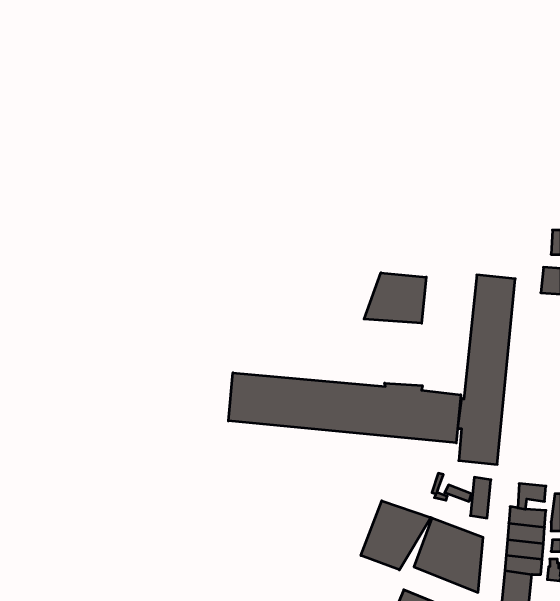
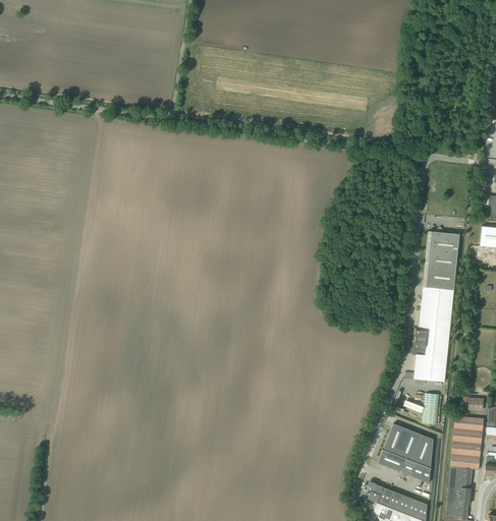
building: [364,273,426,323] -> none
building: [228,373,461,443] -> none
building: [361,501,431,570] -> none

